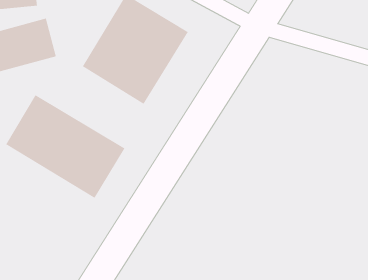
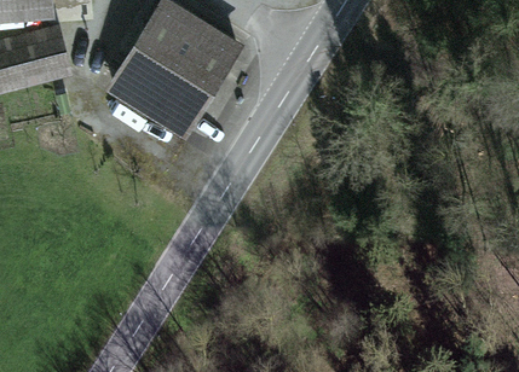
building: [5,94,125,199] -> none

